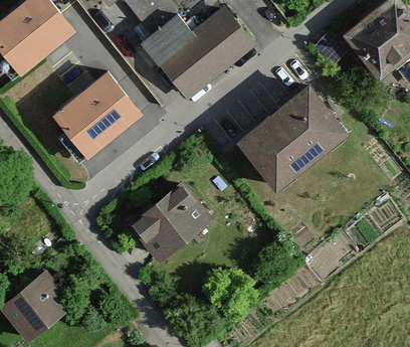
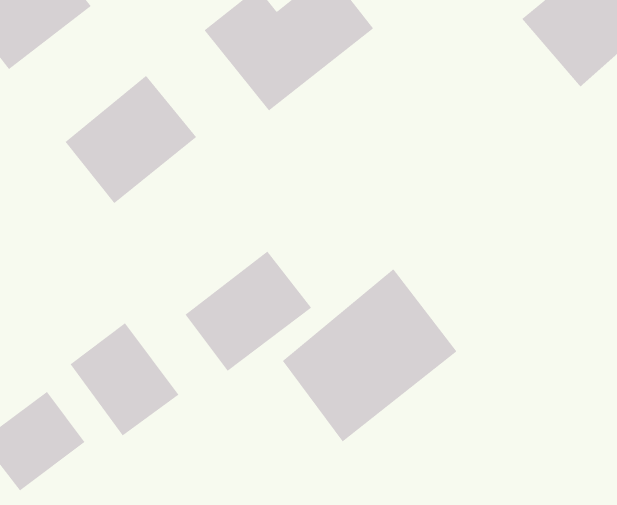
building: [237,84,348,194] -> [282,268,457,442]
building: none -> [69,322,180,437]

